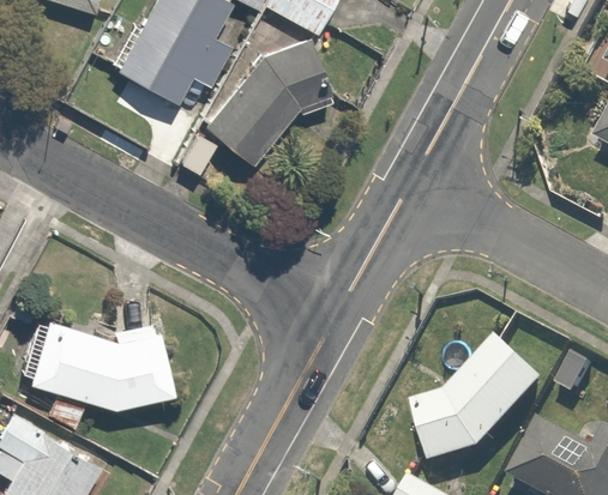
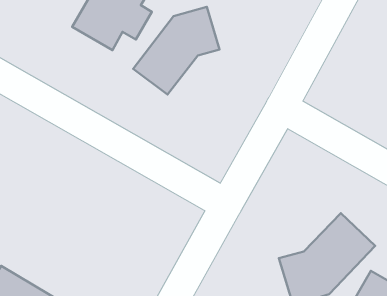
building: [18,313,176,431] -> none

